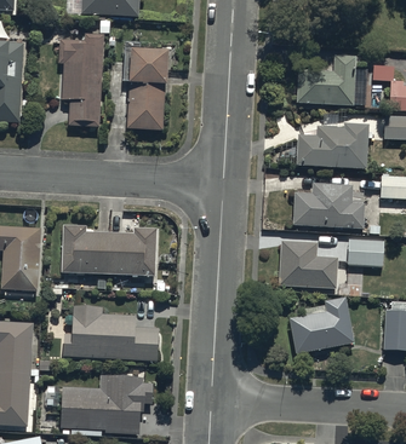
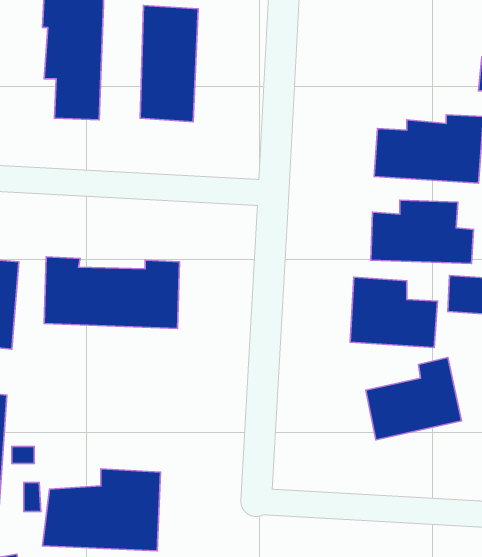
building: [296,54,362,104] -> none
building: [63,305,158,362] -> none

